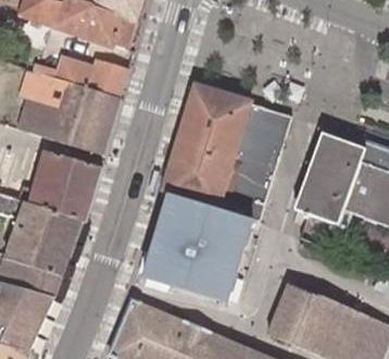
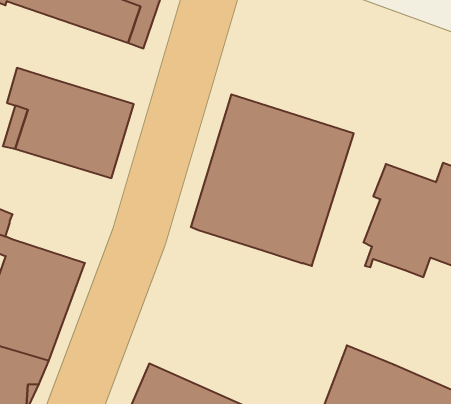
building: [57,53,128,94] -> none
building: [25,148,101,219] -> none
building: [145,191,252,300] -> none

